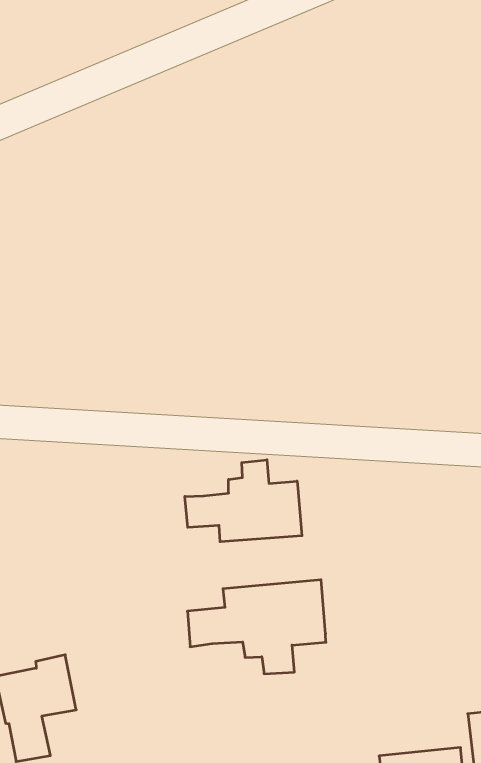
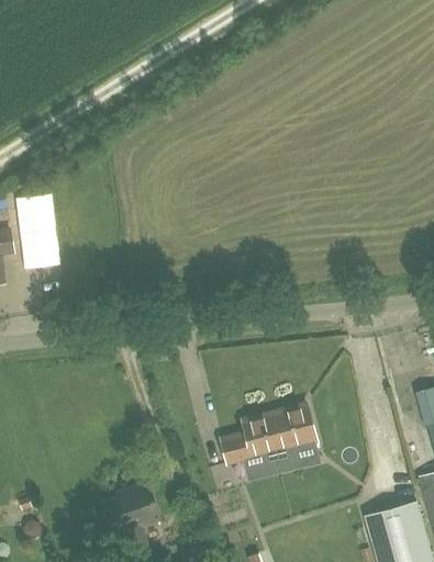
building: [185,460,302,542] -> none

